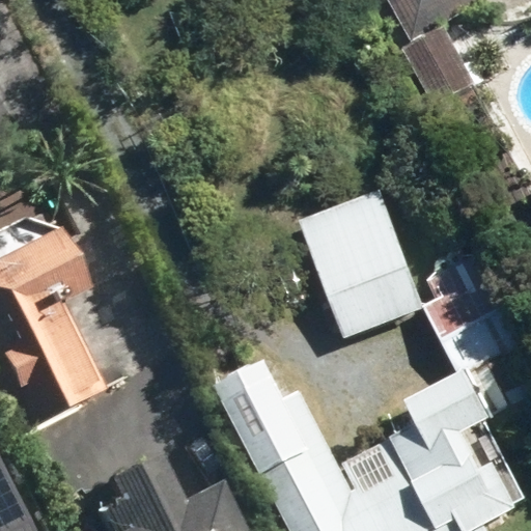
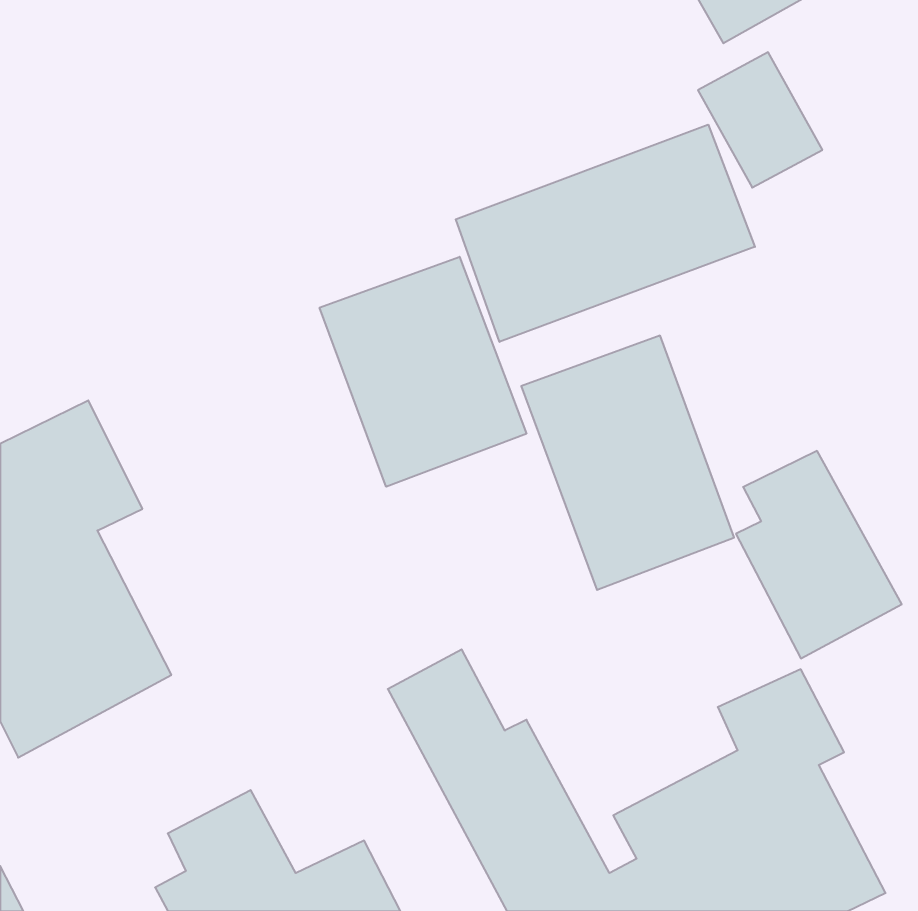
building: none -> [456,125,755,342]
building: none -> [320,257,526,487]

